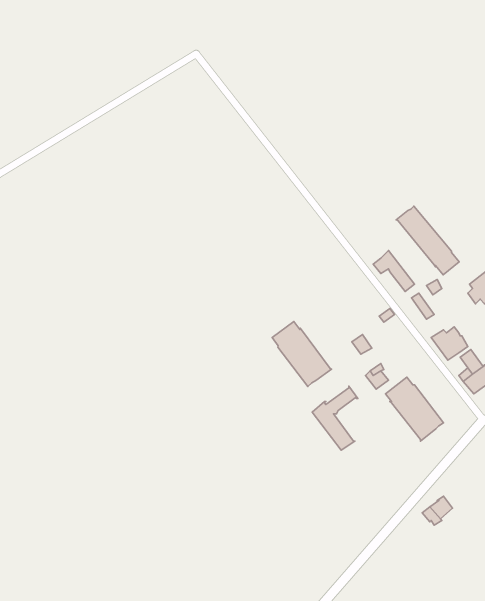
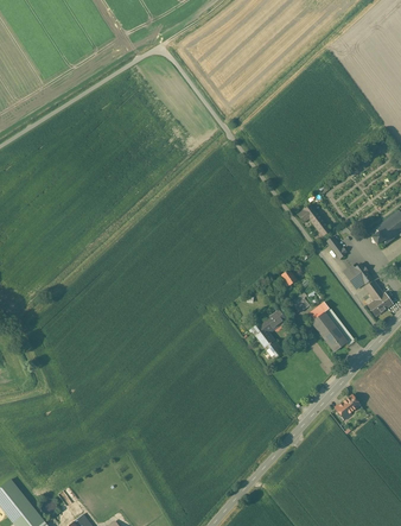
building: [396,206,459,275] -> none
building: [272,321,331,386] -> none

